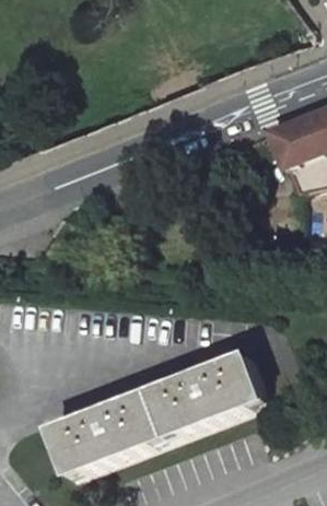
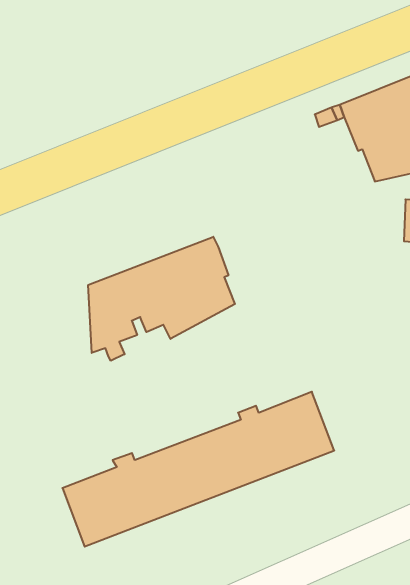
building: none -> [88,237,235,361]

